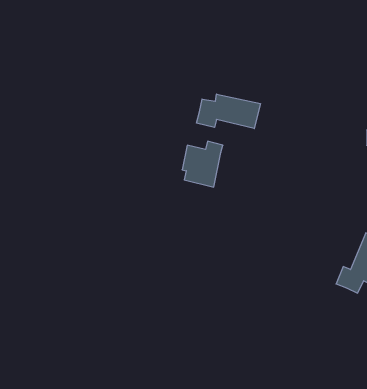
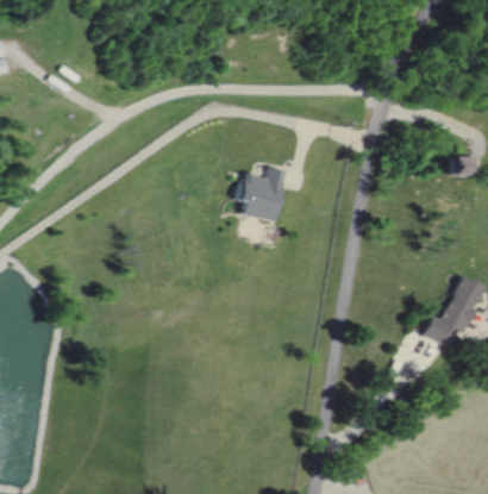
building: [197,94,260,129] -> none

